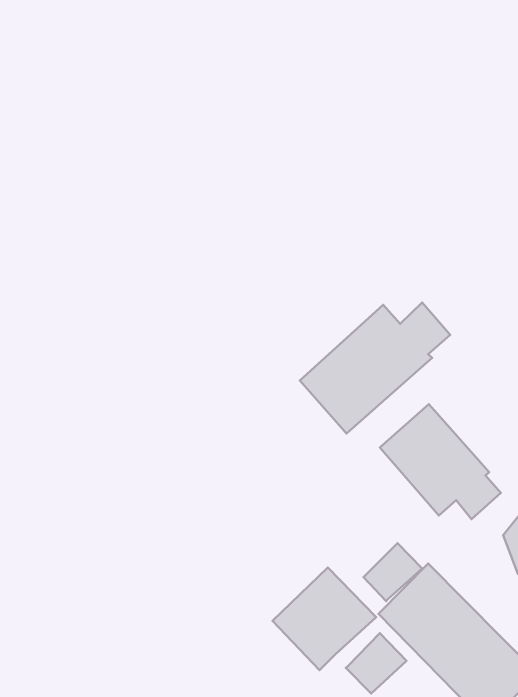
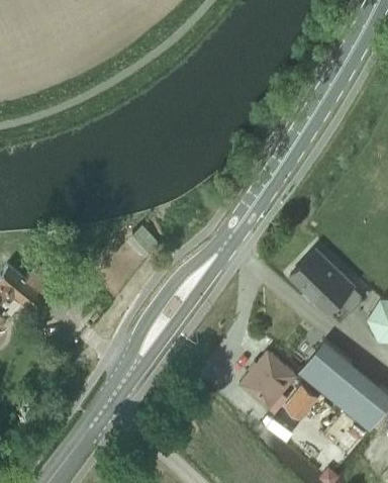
building: [300,302,450,434] -> none
building: [364,543,422,601] -> none

